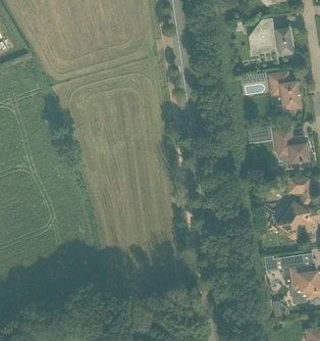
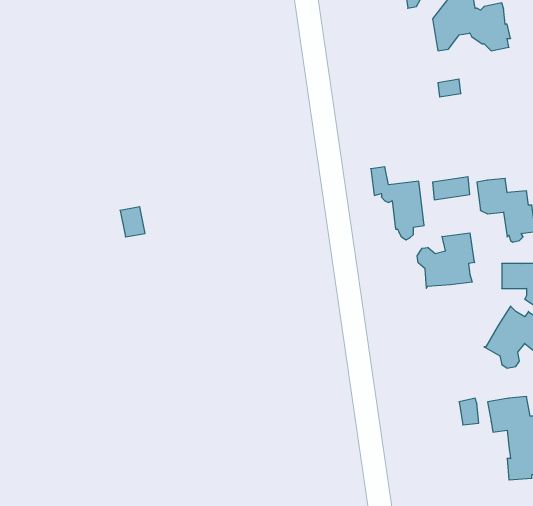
building: [269,74,300,115] -> [371,167,424,240]
building: none -> [417,233,475,288]

